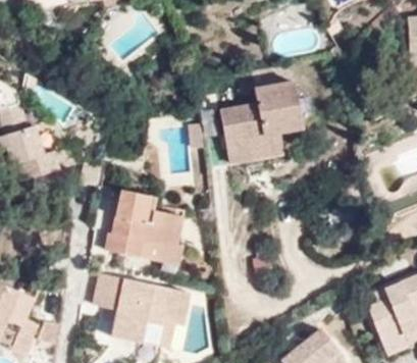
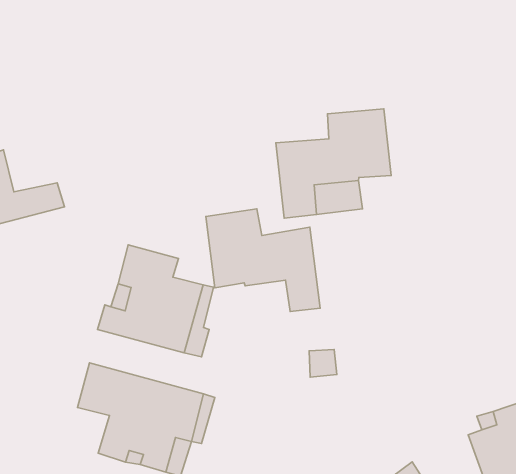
building: none -> [206,209,320,312]

